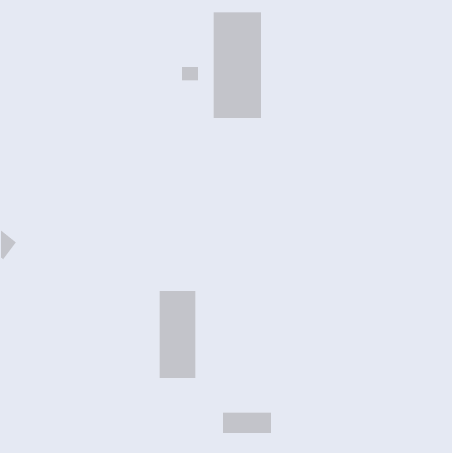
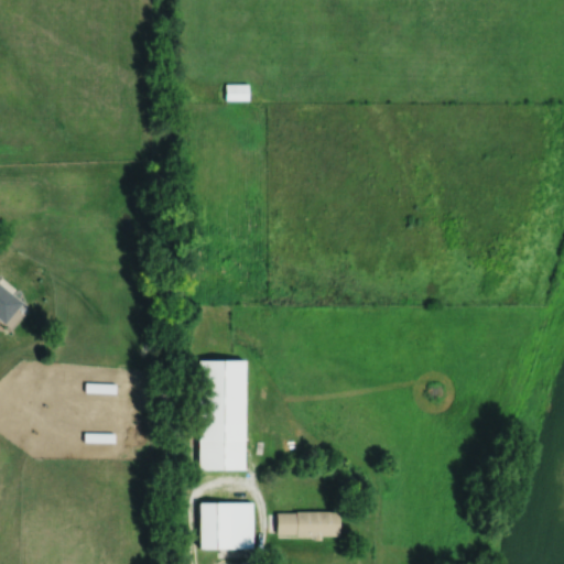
building: [213,11,262,119] -> none
building: none -> [200,503,253,550]

